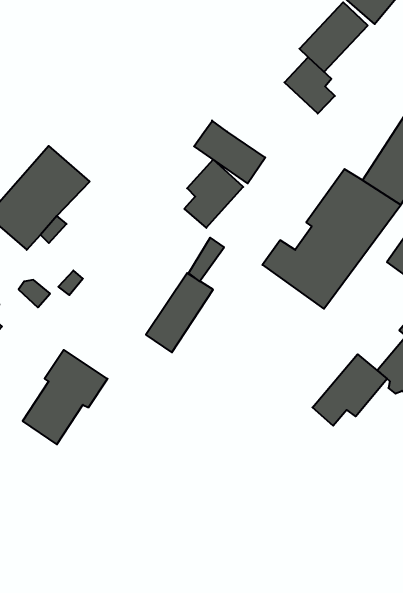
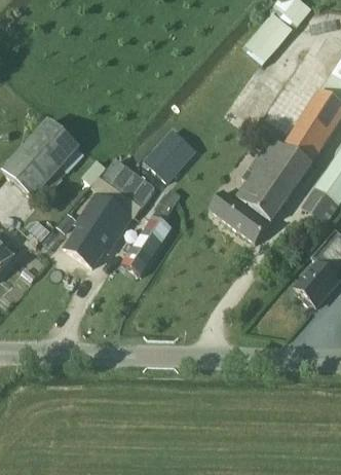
building: [284,57,335,114] -> none
building: [194,120,265,183] -> [101,158,154,206]
building: [23,350,108,444] -> [66,192,129,263]
building: [312,354,387,426] -> none

